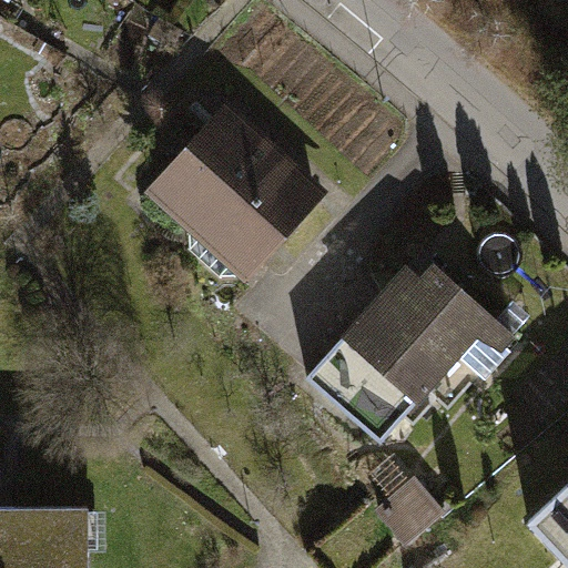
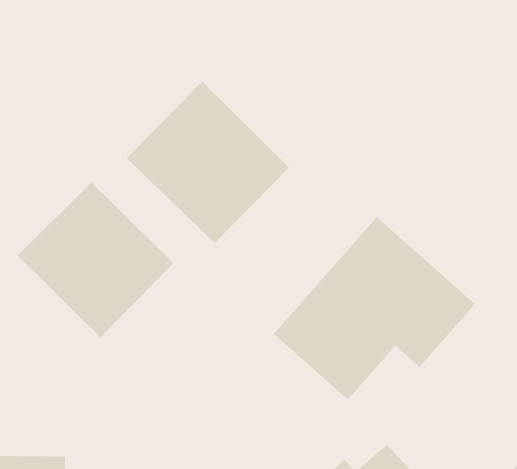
building: none -> [17,182,174,338]

